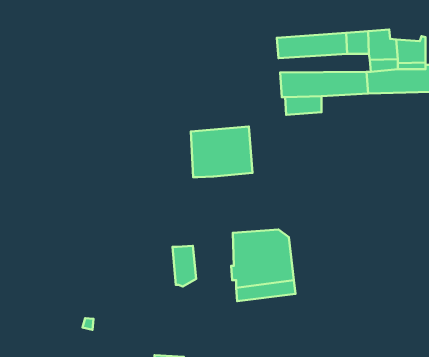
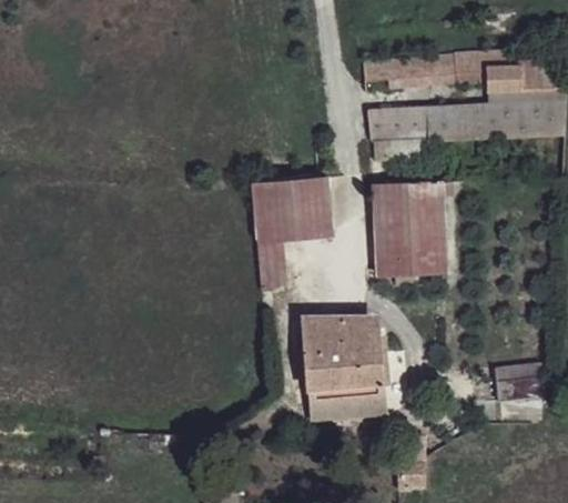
building: none -> [371,181,446,280]
building: [173,246,196,286] -> [254,243,285,296]
building: none -> [497,366,546,399]

